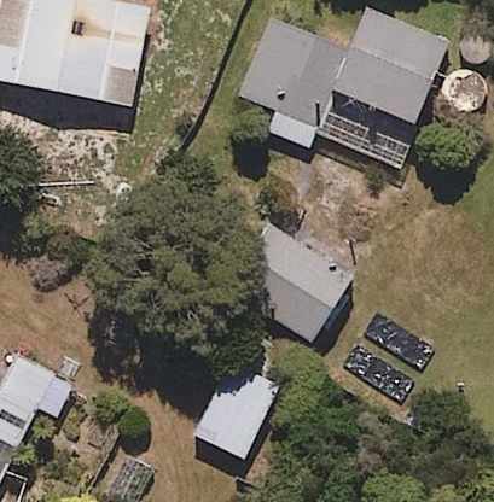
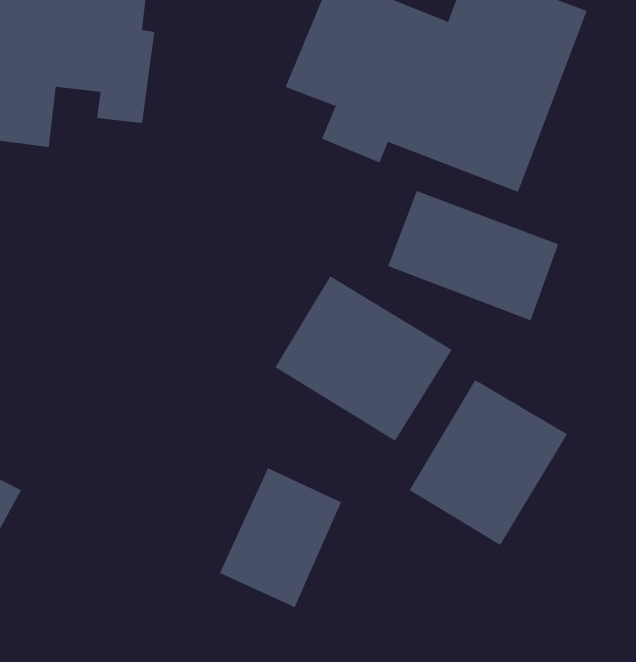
building: none -> [387,190,559,321]
building: none -> [409,379,568,546]

